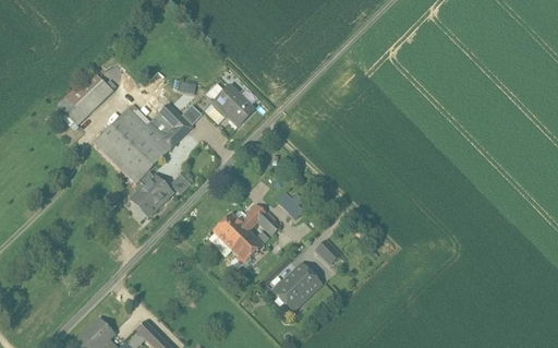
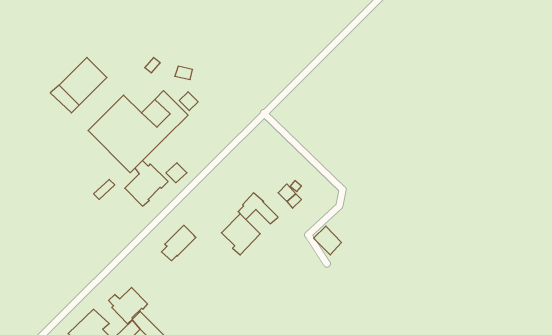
building: [207,83,255,124] -> none
building: [209,212,243,247] -> [161,225,196,261]
building: [274,263,320,310] -> none
building: none -> [109,287,147,324]

